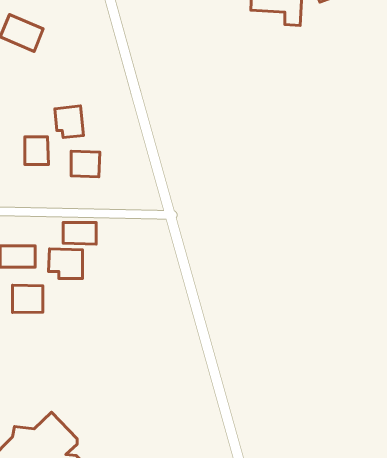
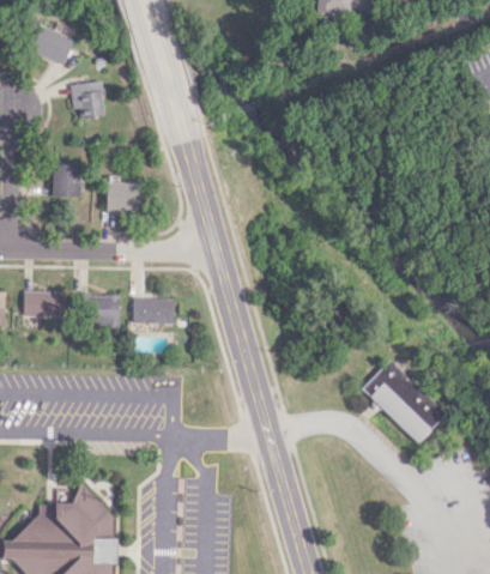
building: [55,106,84,138] -> [71,80,104,117]
building: [63,223,96,244] -> [135,298,174,324]
building: [13,285,43,312] -> none
building: none -> [362,359,447,443]

